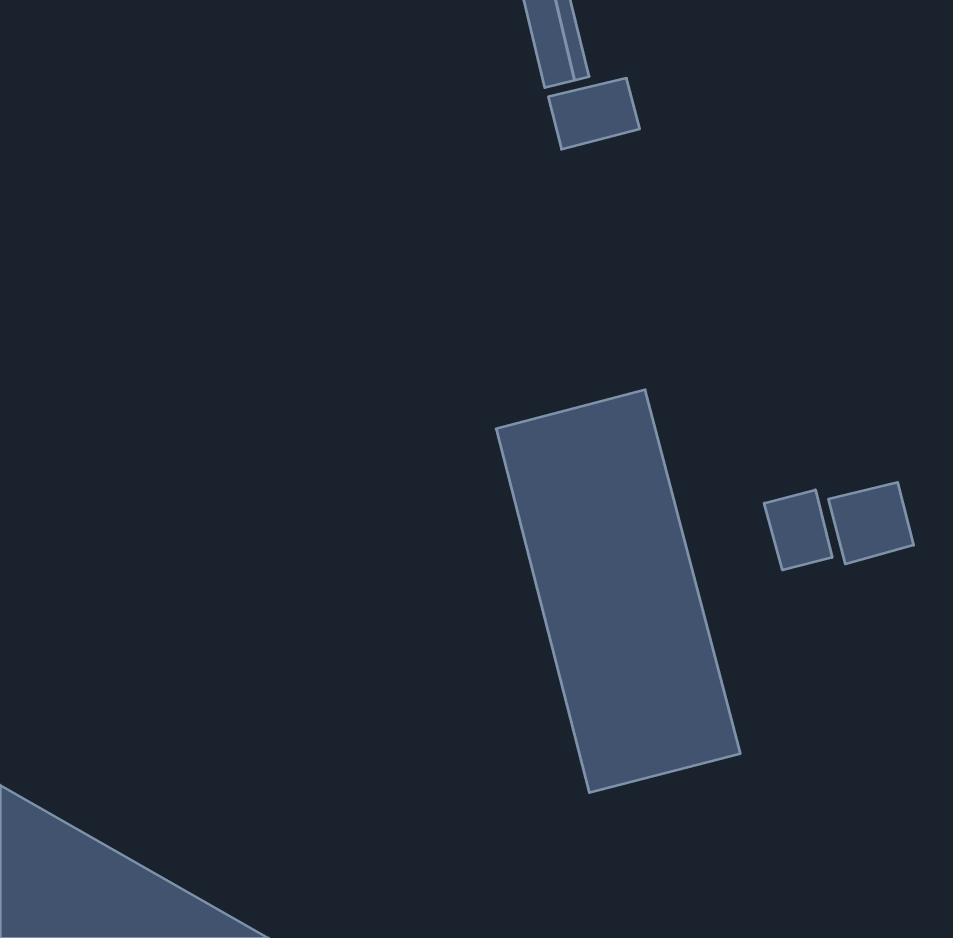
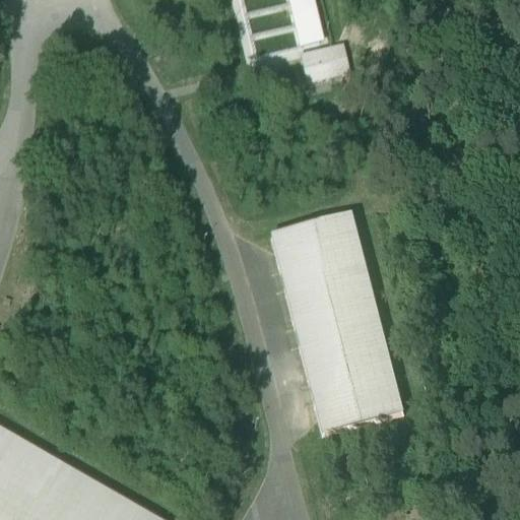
building: [829,482,914,564] -> none
building: [764,490,832,570] -> none

